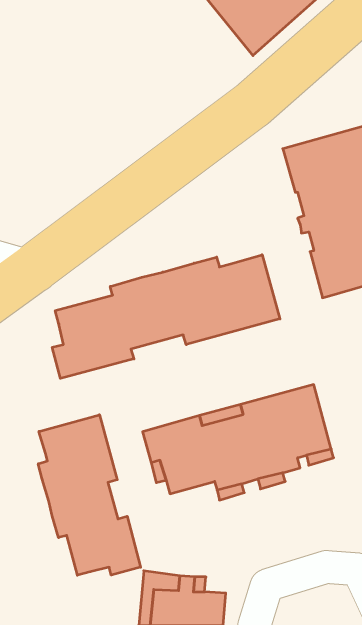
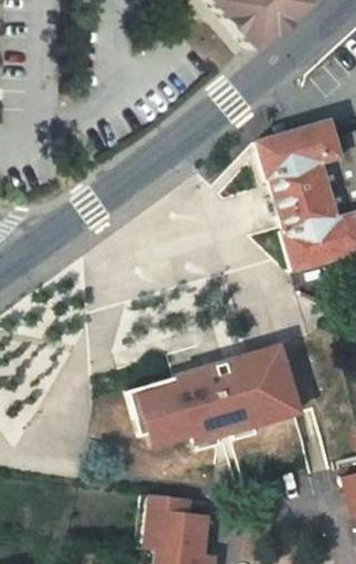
building: [52,255,280,378] -> none
building: [38,415,141,575] -> none

